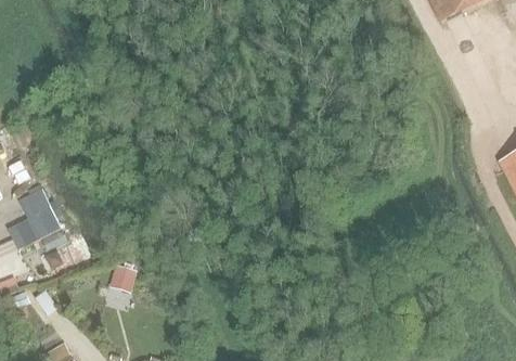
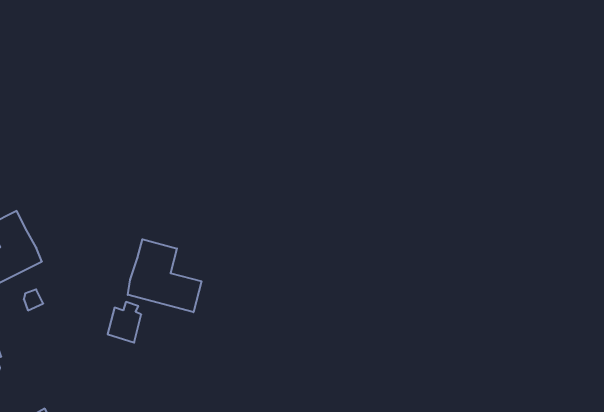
building: none -> [128,239,202,312]

